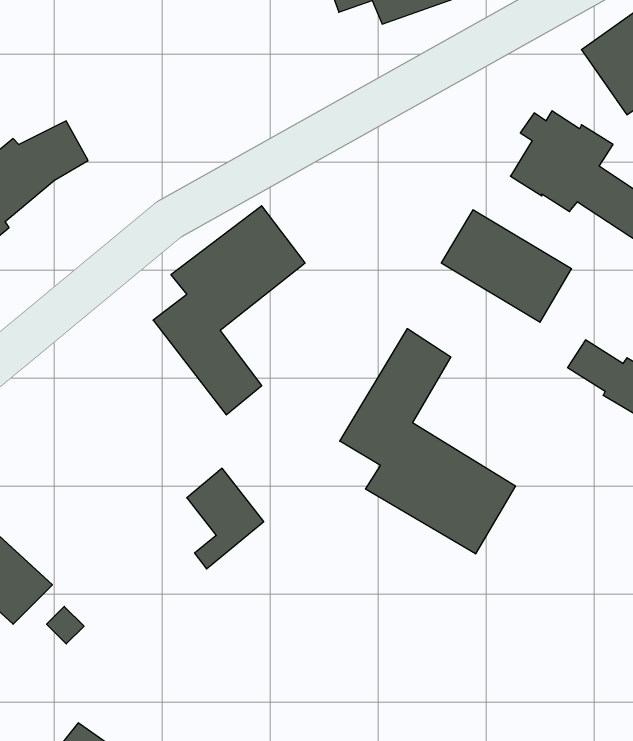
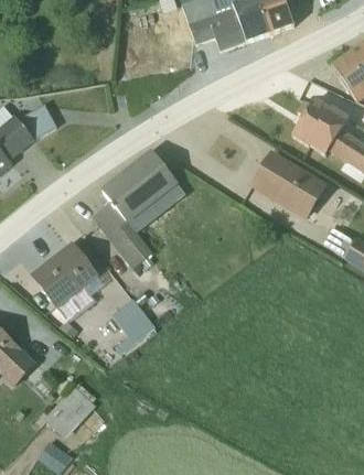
building: [340,329,516,554] -> none
building: none -> [30,240,105,321]
building: none -> [44,385,97,438]

